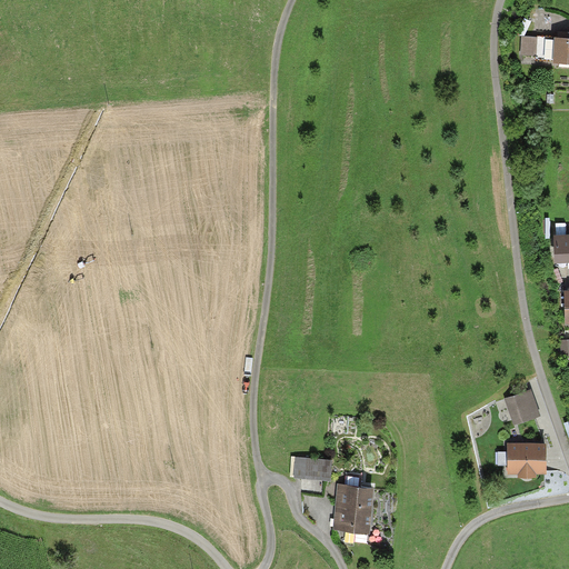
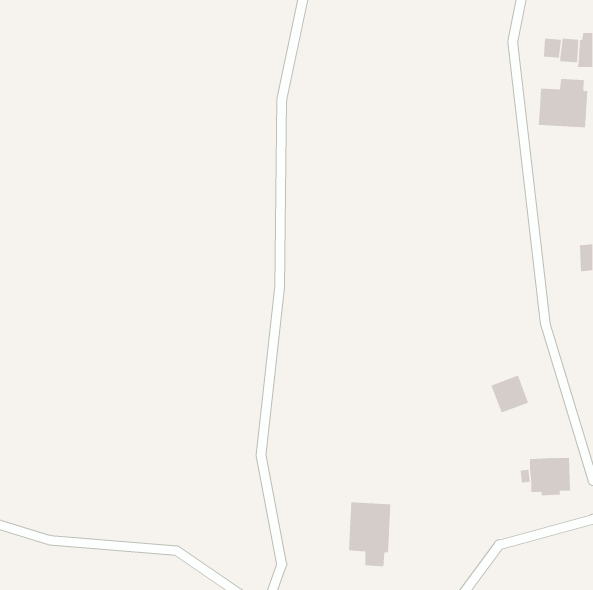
building: none -> [538,78,588,128]
building: [505,389,541,426] -> [491,375,529,413]
building: [296,458,330,479] -> none

